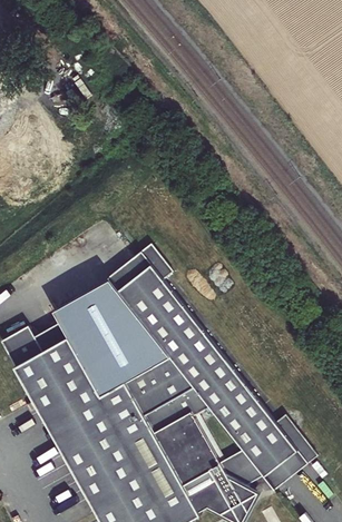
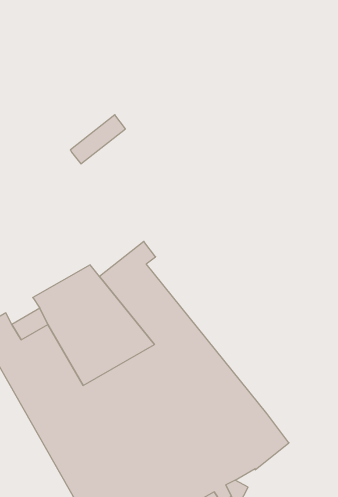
building: [105,247,157,294] -> [70,115,125,164]
building: [263,416,315,490] -> none

